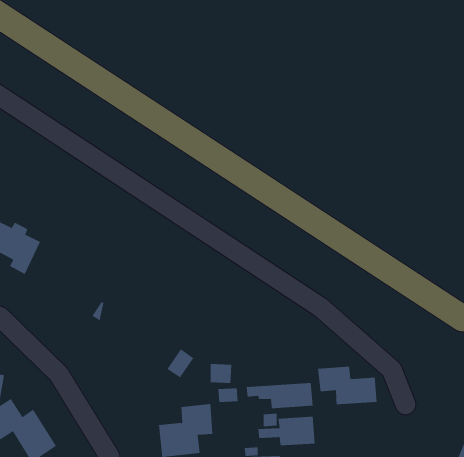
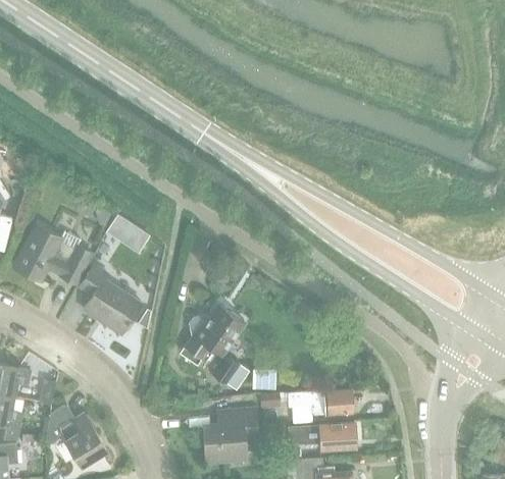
building: none -> [107,215,150,254]
building: none -> [80,265,141,334]
building: none -> [181,304,243,363]
building: [317,366,377,405] -> none

